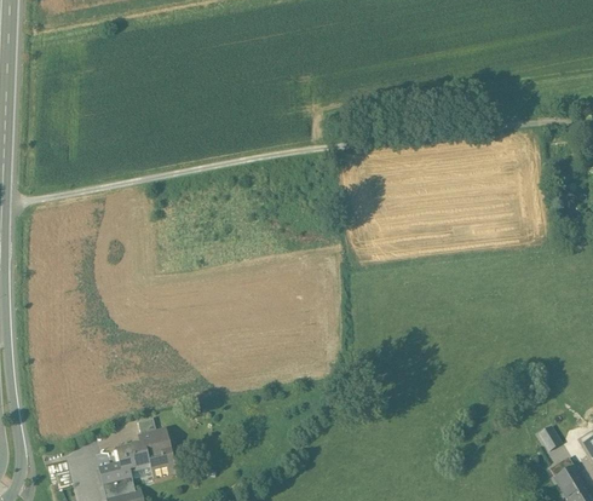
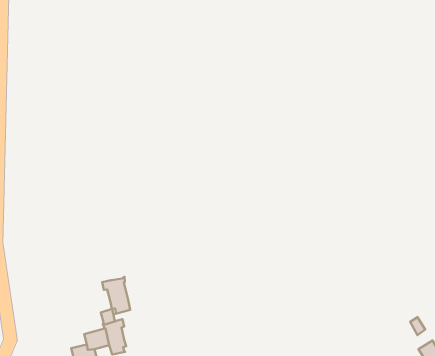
building: none -> [102,277,130,314]

